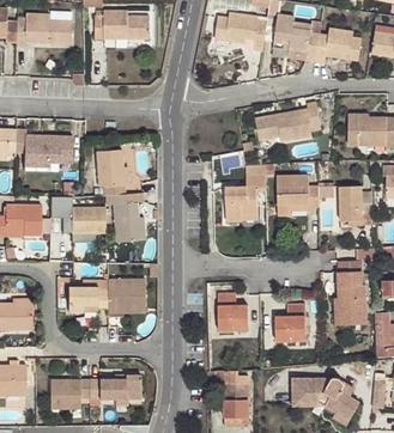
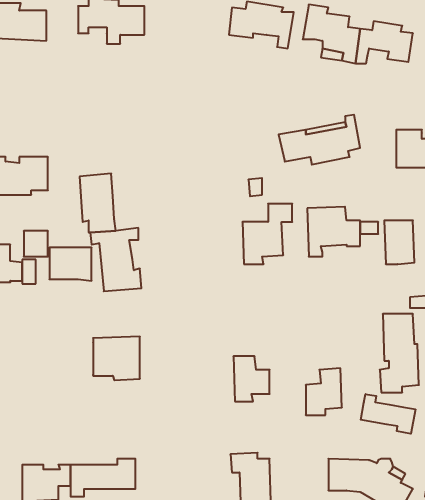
building: [69,282,108,311] -> none
building: none -> [361,394,415,434]

